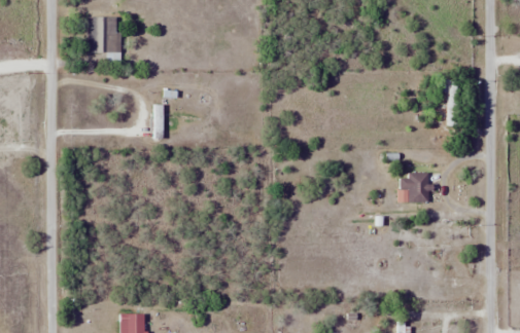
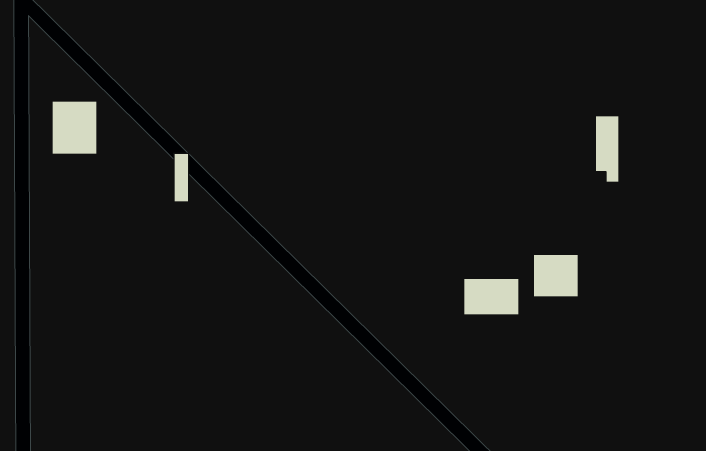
building: [90,16,120,52] -> [52,101,97,154]
building: none -> [464,278,519,315]

